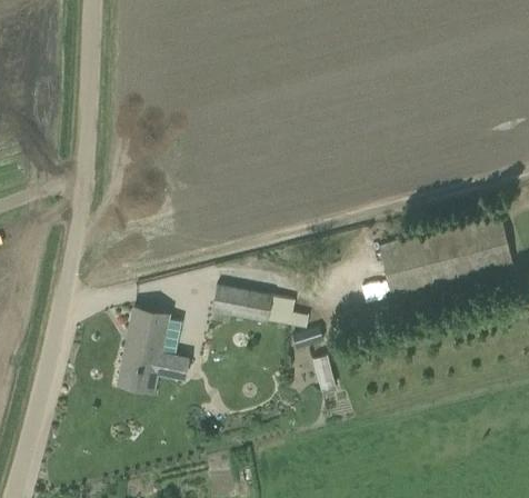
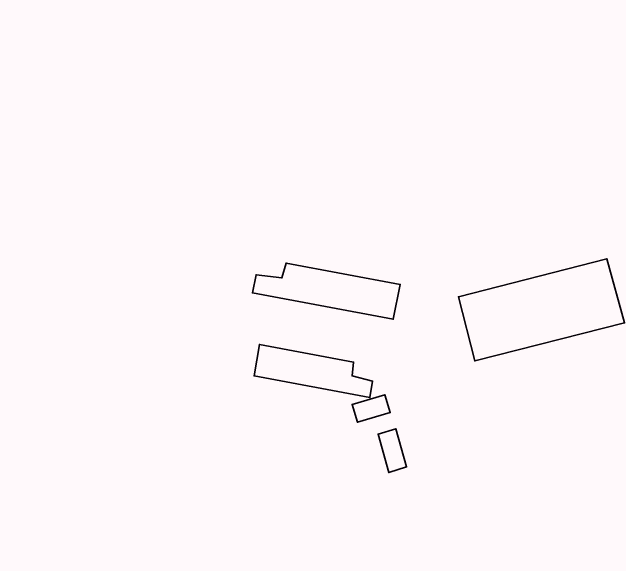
building: none -> [253,263,400,319]
building: [118,307,187,391] -> none

